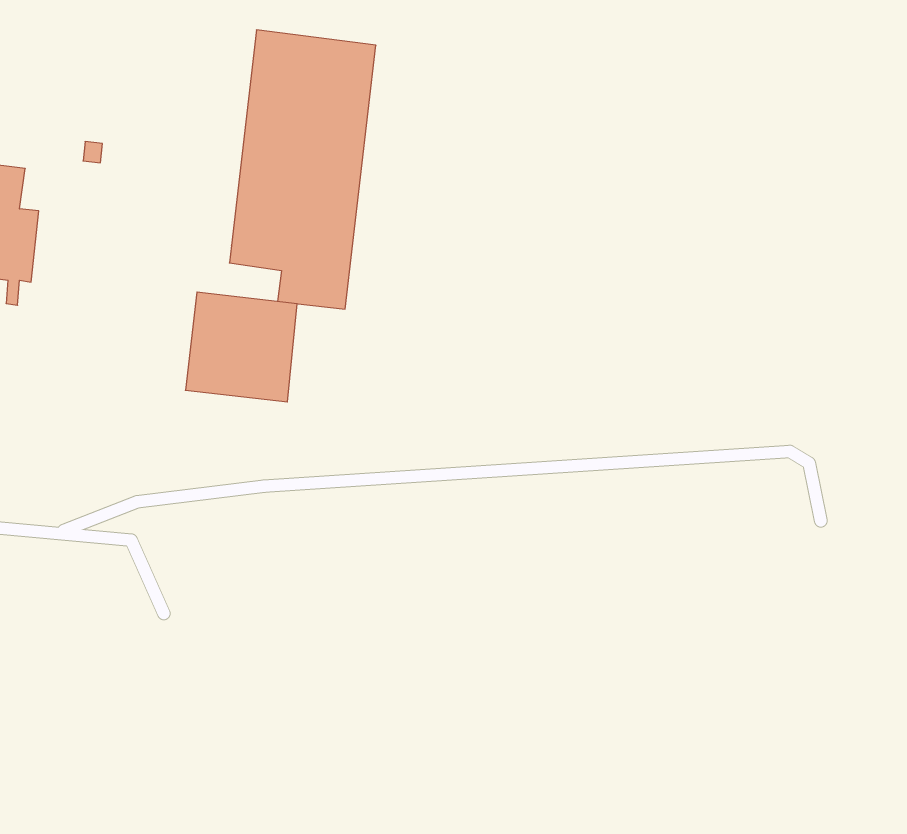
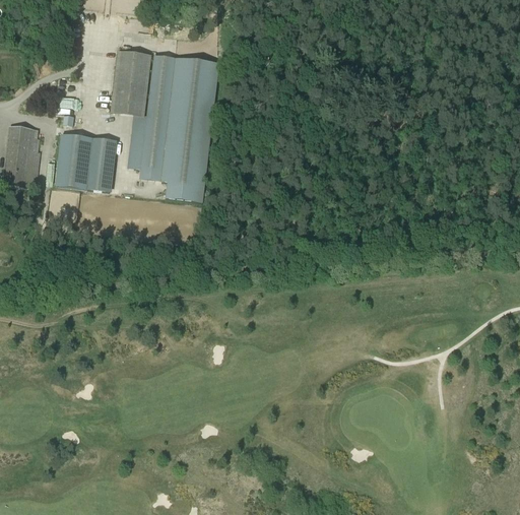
building: none -> [111,51,156,169]
building: [185,292,297,402] -> [57,133,116,191]

